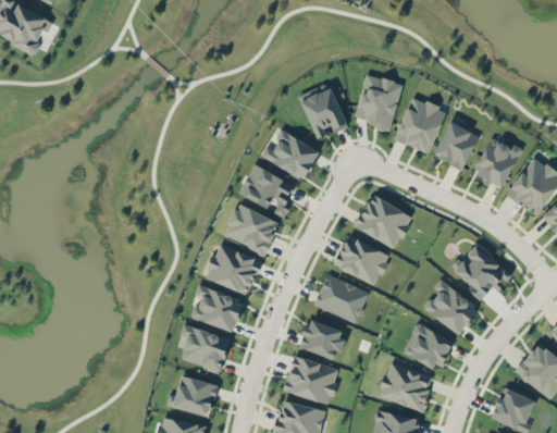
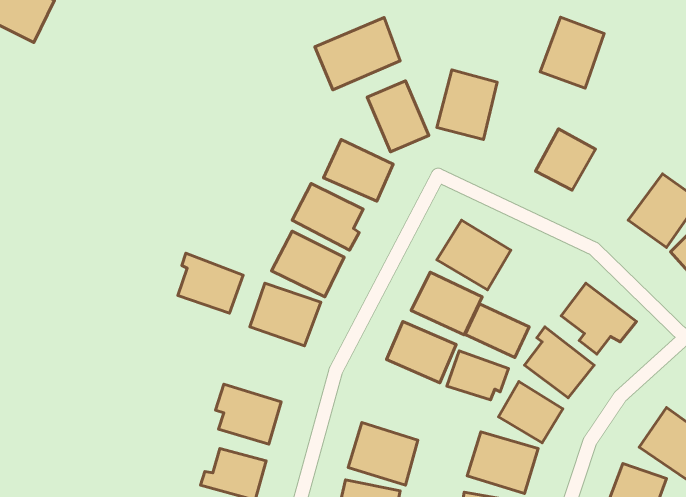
building: none -> [315,17,400,90]
building: [395,97,446,153] -> [540,17,604,88]
building: [473,136,522,189] -> none
building: none -> [465,304,529,358]
building: [193,284,245,332] -> [178,253,243,313]
building: [299,320,348,359] -> [447,351,508,400]

